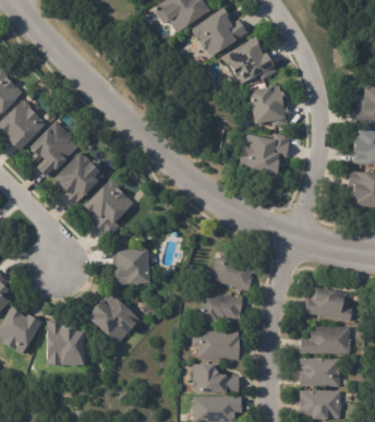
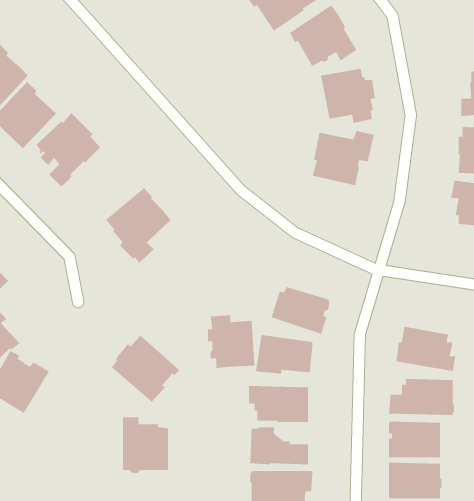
building: [55,150,104,204] -> none
building: [112,243,149,285] -> [207,315,255,369]
building: [48,323,84,366] -> [122,417,169,473]

